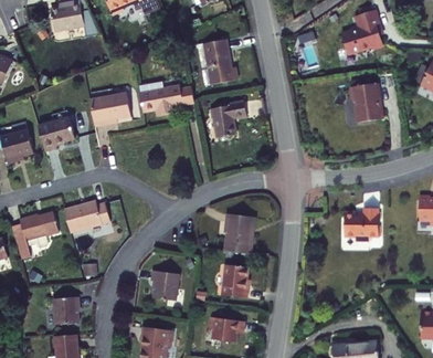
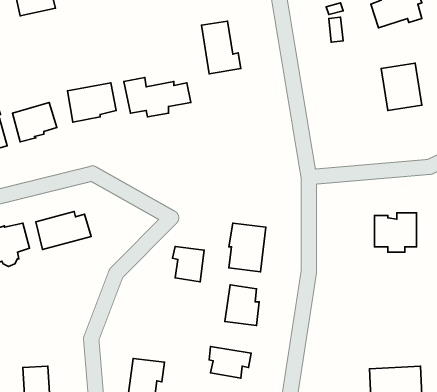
building: [207,104,243,141] -> none
building: [149,271,176,301] -> [173,246,204,282]
building: [50,297,74,324] -> none

